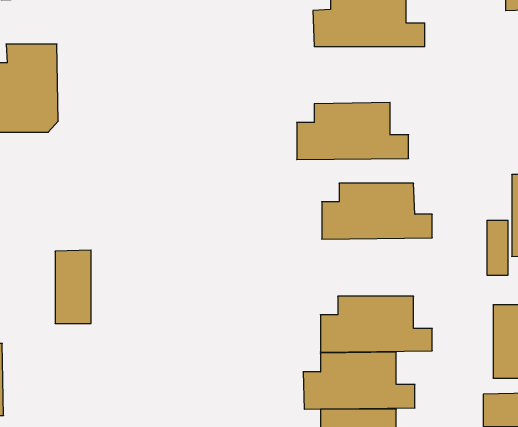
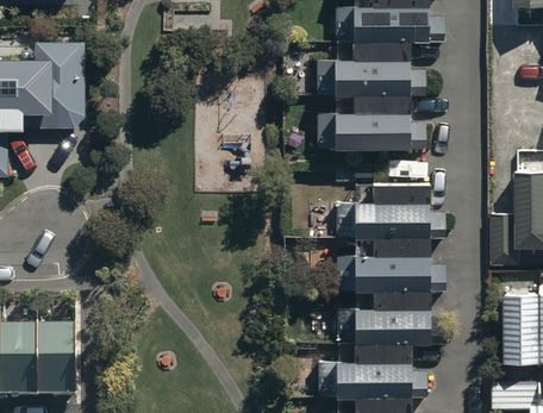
building: none -> [316,46,422,100]
building: none -> [338,230,445,283]
building: [55,250,91,323] -> [38,328,73,399]

